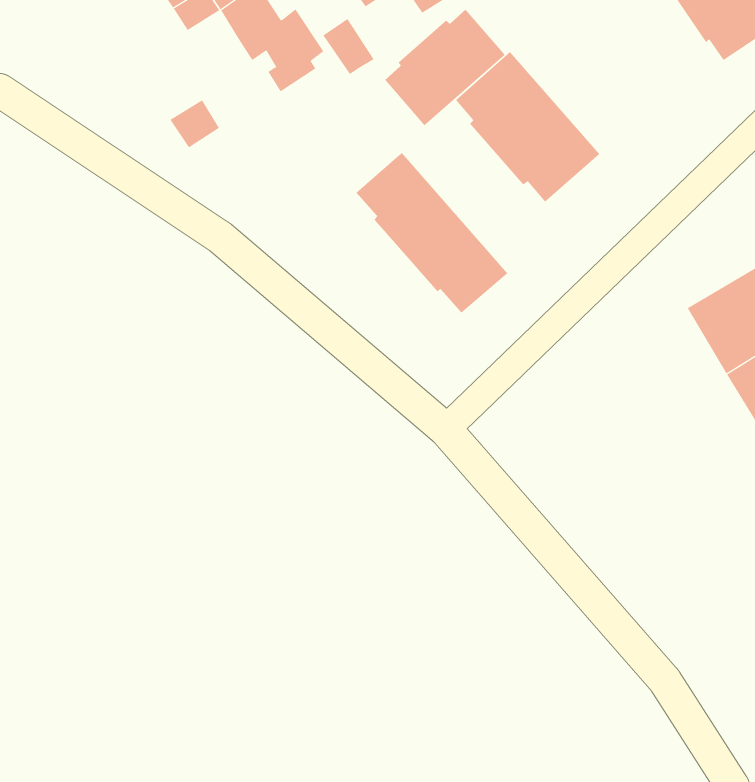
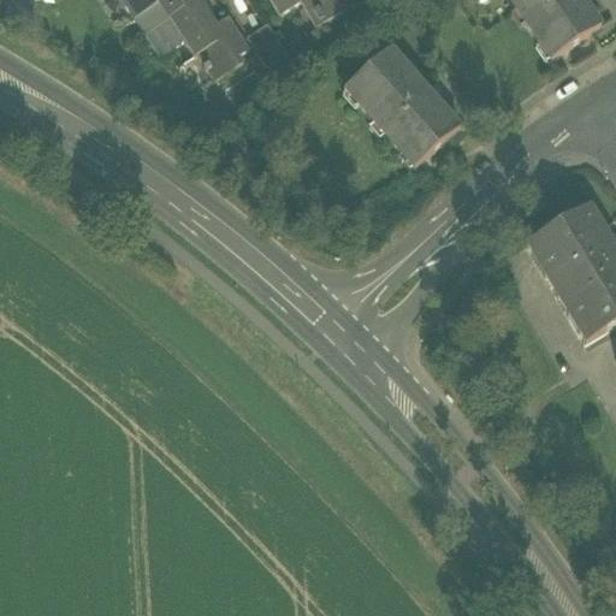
building: [384,9,505,126] -> none
building: [169,99,220,148] -> [143,12,182,49]
building: [355,152,508,314] -> none

